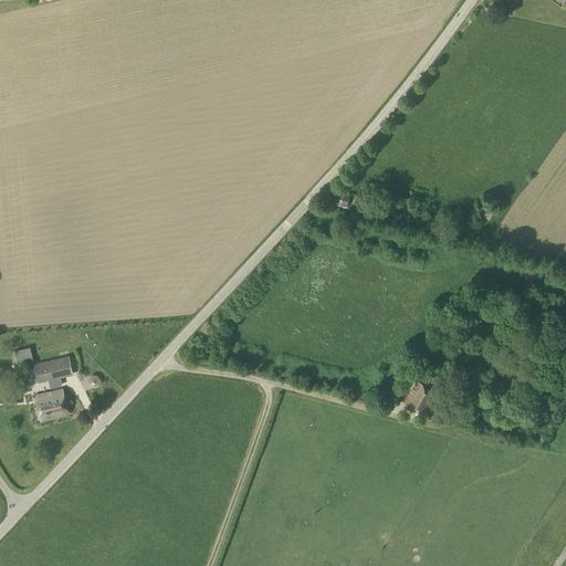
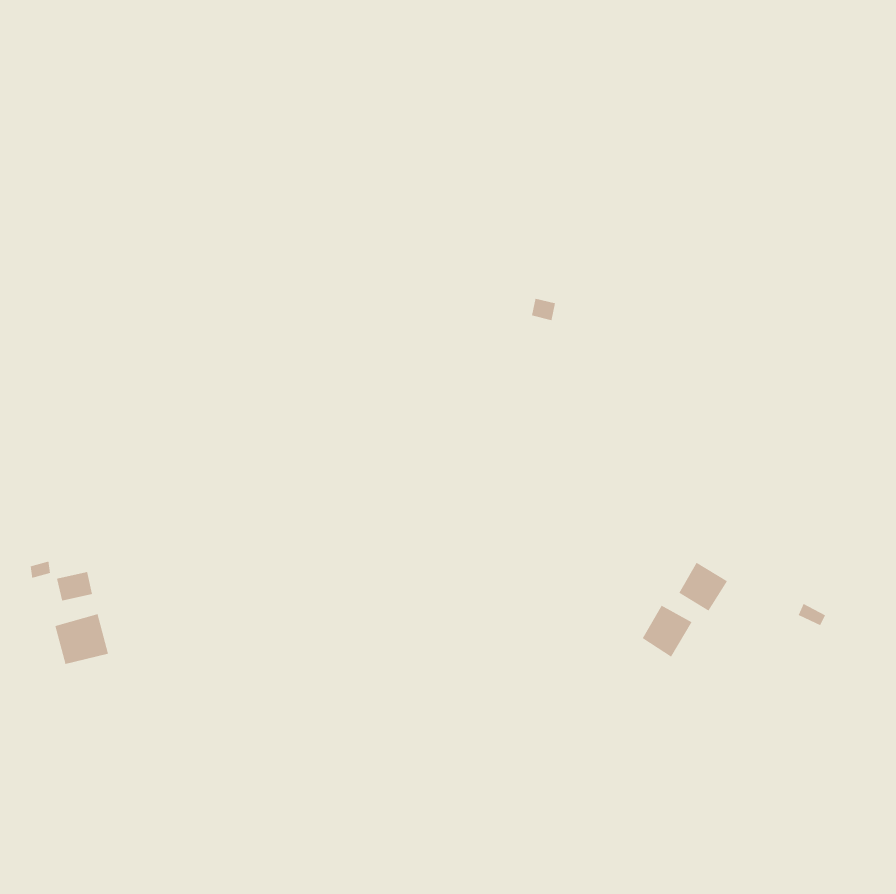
building: none -> [679,562,728,612]

